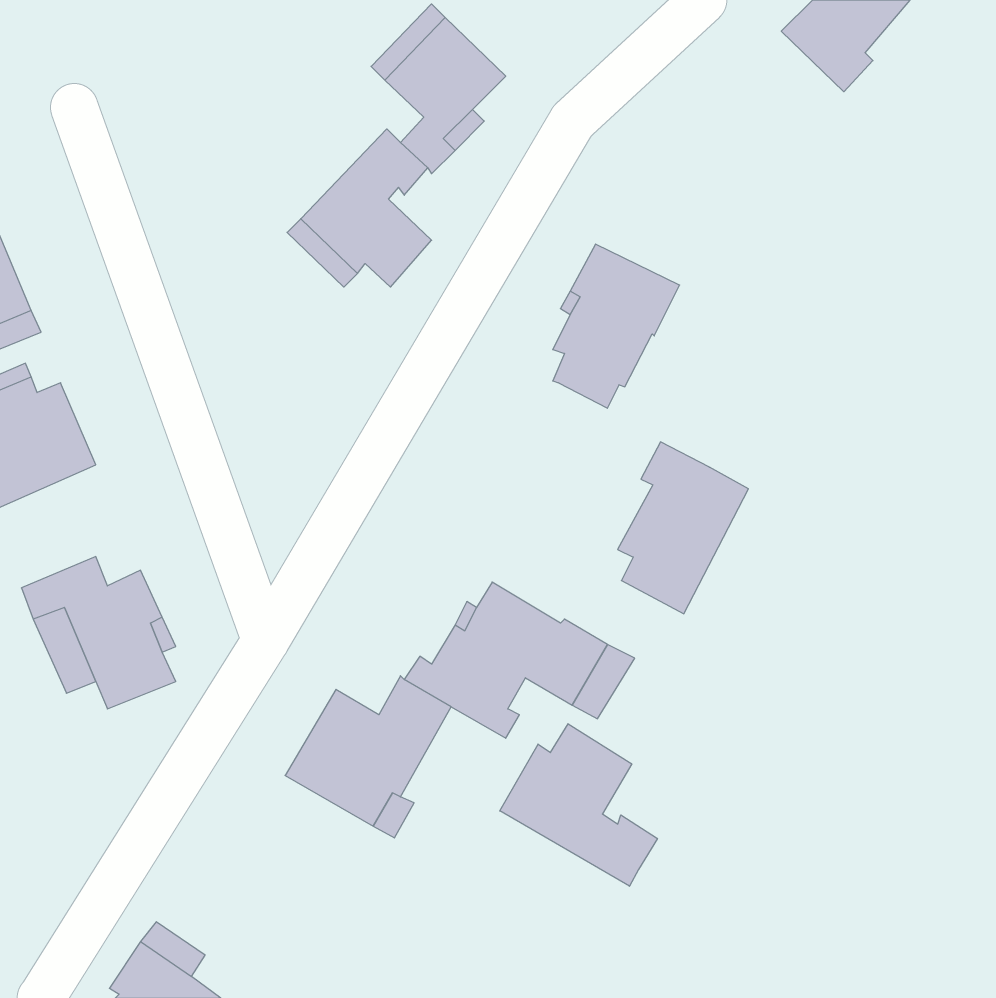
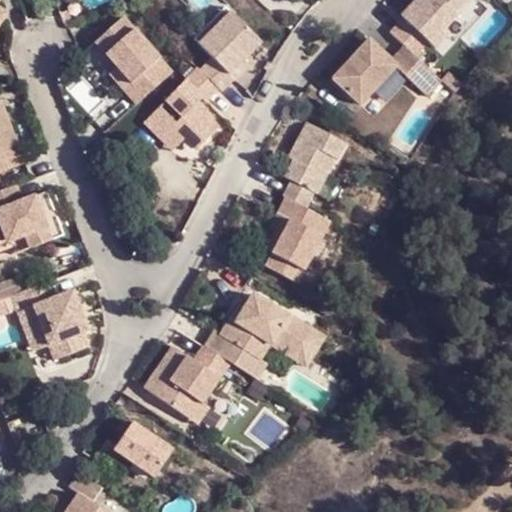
building: none -> [95,16,171,101]
building: none -> [333,37,444,99]
building: [618,442,748,614] -> [264,196,331,284]
building: [500,724,657,886] -> none
building: none -> [96,420,172,474]

